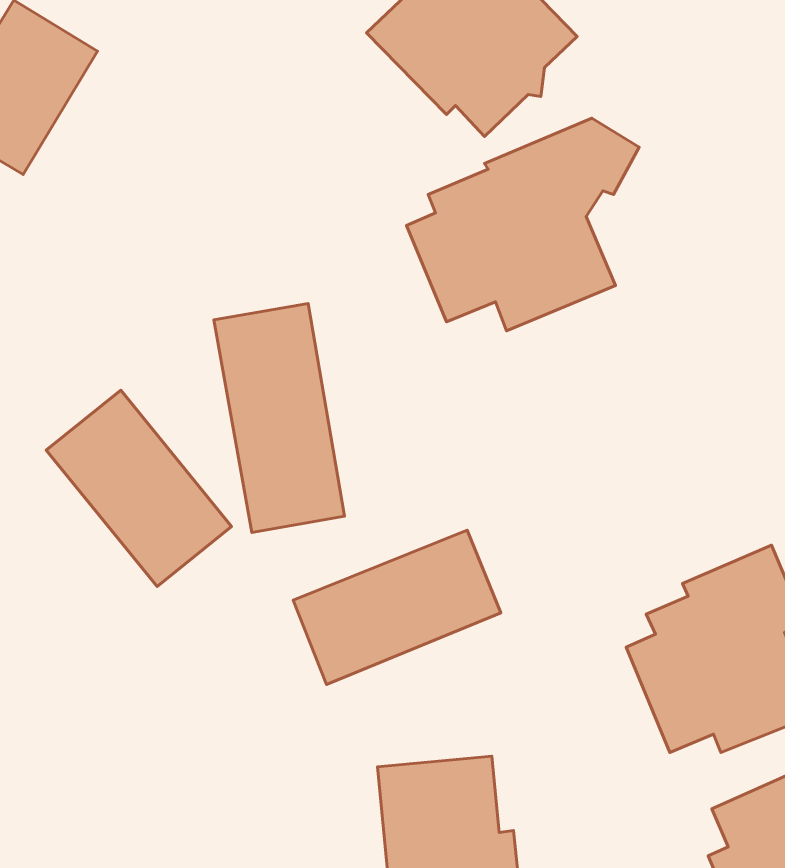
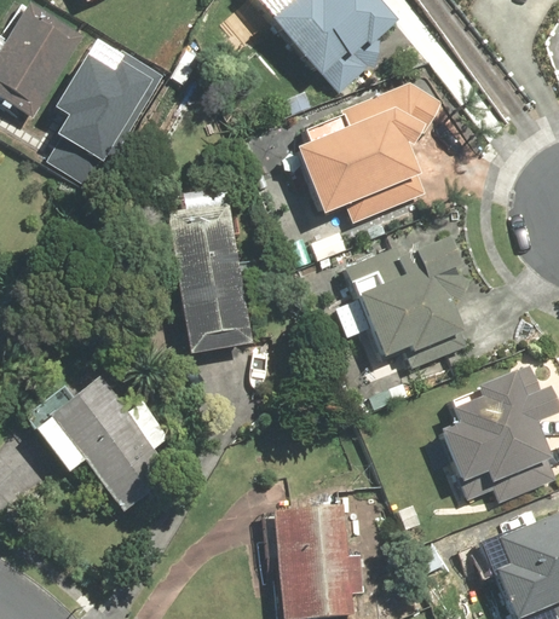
building: none -> [57,35,177,179]
building: none -> [344,238,468,366]
building: [46,390,232,586] -> [47,377,171,508]
building: [293,530,501,685] -> none

